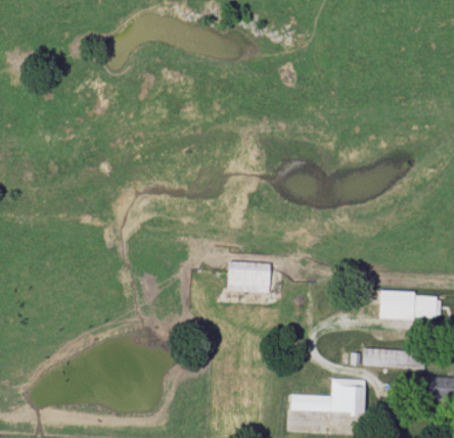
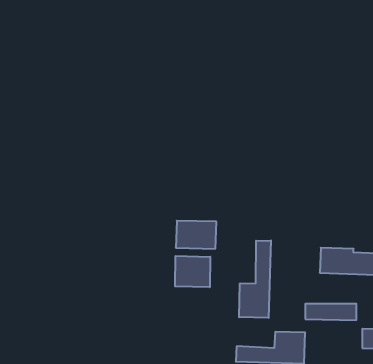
building: none -> [239,240,271,318]
building: none -> [175,256,210,287]

